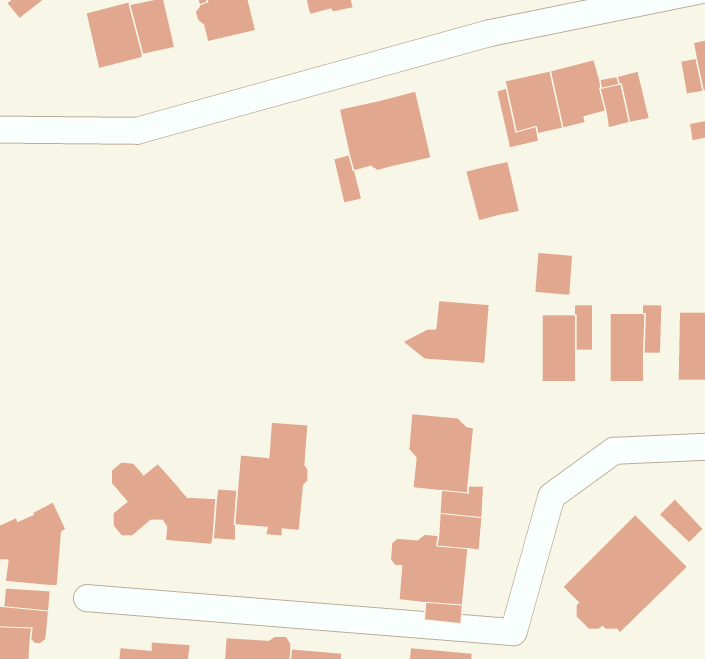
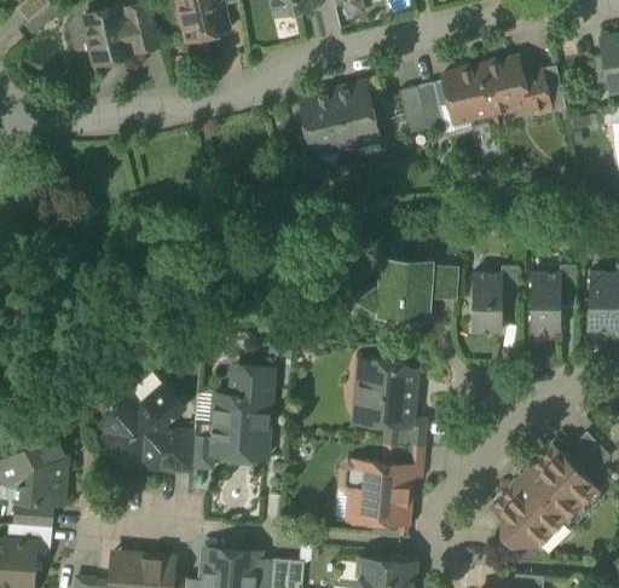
building: [466,161,519,221] -> [398,83,444,134]
building: [535,253,573,295] -> [426,265,458,301]
building: none -> [145,385,183,422]

